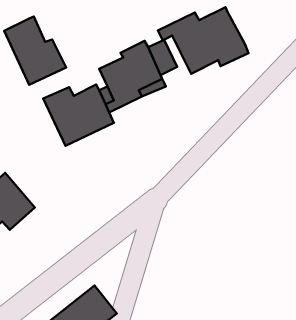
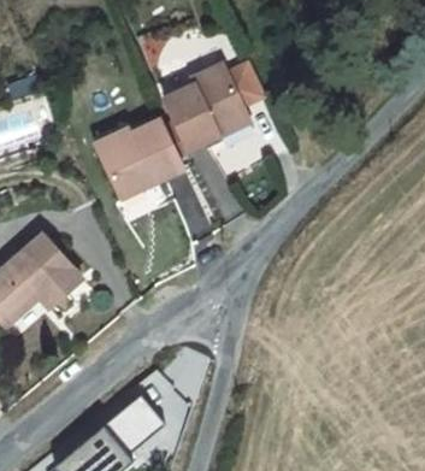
building: [158,7,249,74] -> none
building: [4,17,66,85] -> none

